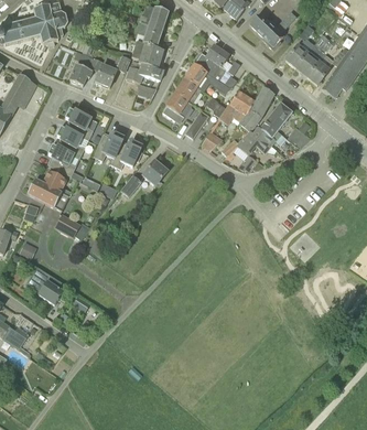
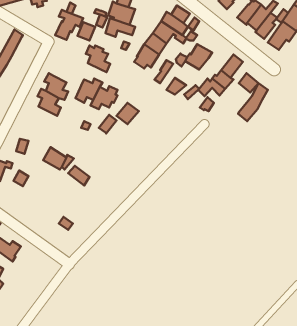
building: [238,86,273,131] -> [238,83,268,121]
building: [64,107,93,139] -> [86,45,110,72]
building: [26,169,68,209] -> none
building: [33,269,62,303] -> none

